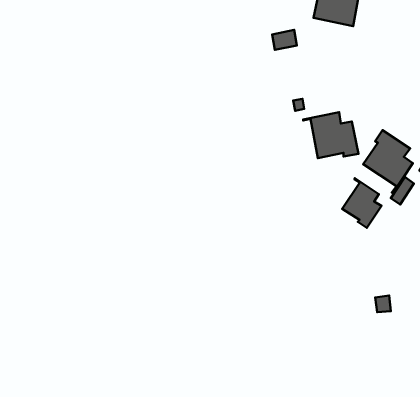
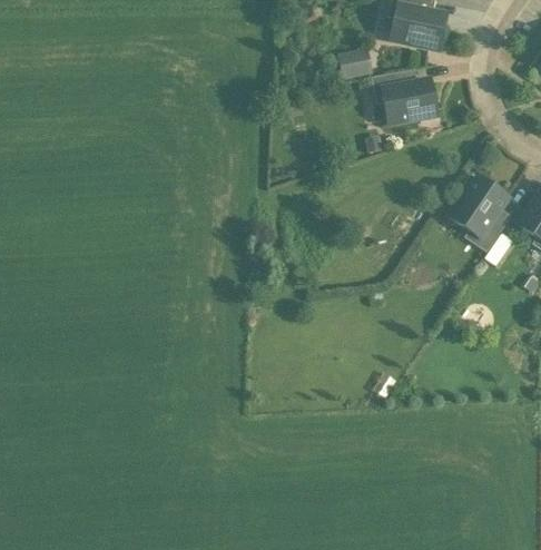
building: [303,112,358,158] -> [371,68,437,124]
building: [342,178,381,228] -> none

